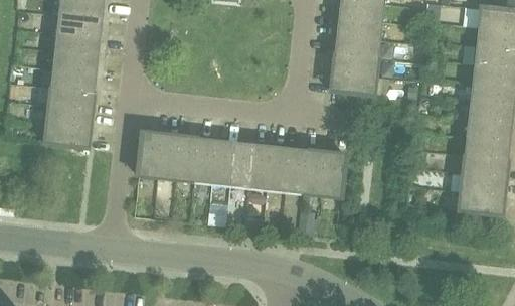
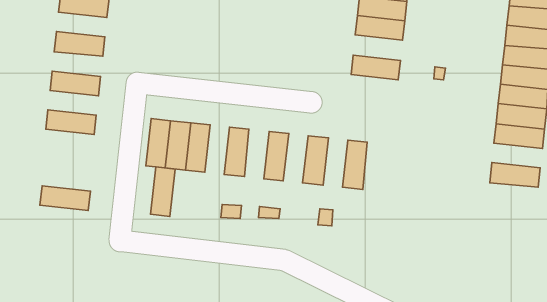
building: [54,31,102,54] -> none
building: [332,52,378,76] -> none
building: [50,68,98,92] -> none
building: [46,105,94,128] -> [40,186,90,211]
building: [193,137,216,183] -> [151,167,175,216]
building: [230,141,253,187] -> none
building: [267,145,290,191] -> none
building: [304,149,327,195] -> none
building: [462,154,509,177] -> none
building: [459,191,505,214] -> none

